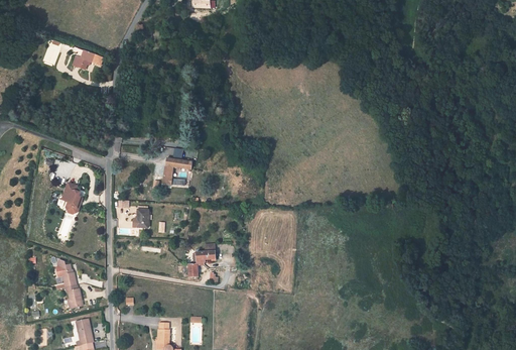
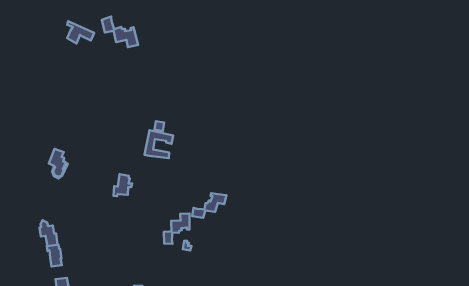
building: none -> [102,17,138,47]
building: none -> [192,193,227,218]

